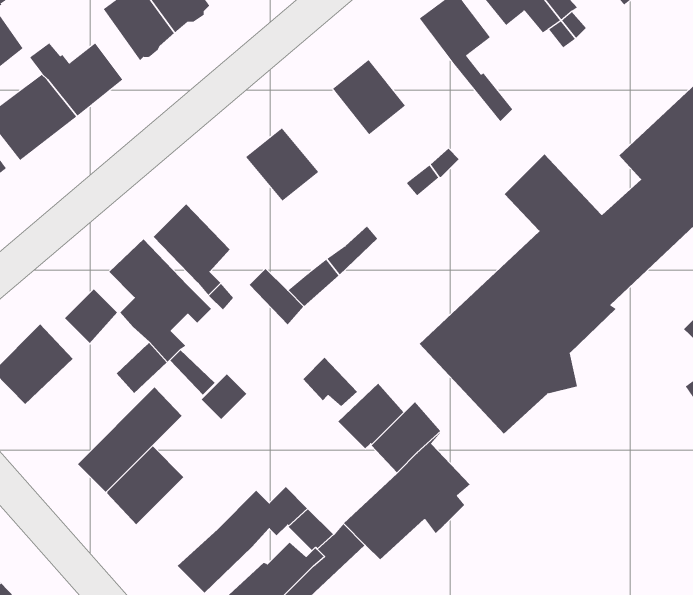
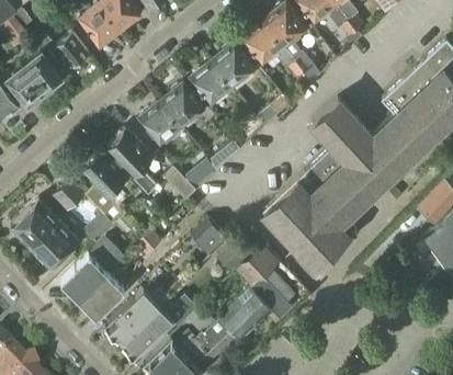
building: none -> [242,16,313,88]
building: none -> [191,58,235,103]
building: none -> [139,99,183,143]
building: none -> [31,218,79,265]
building: none -> [105,288,168,341]

